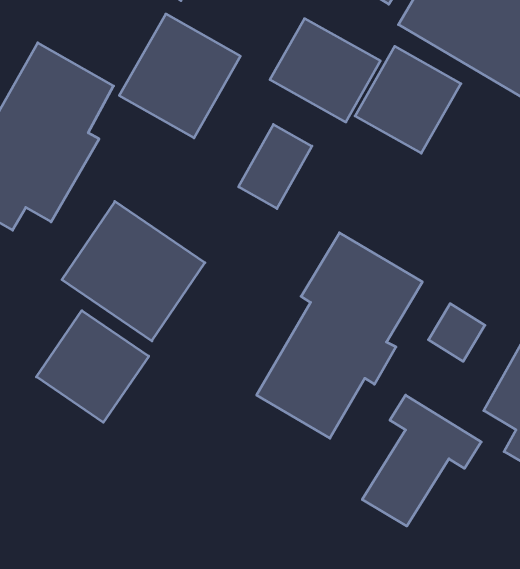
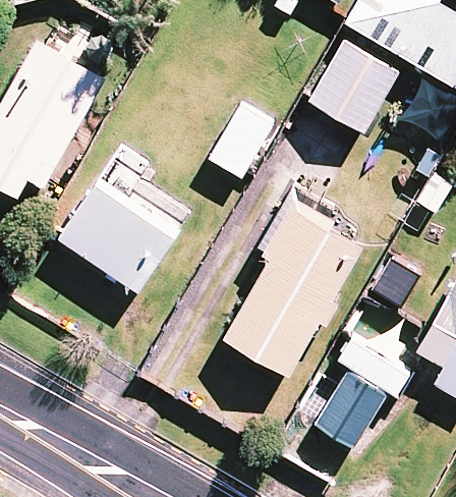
building: [119,14,240,138] -> none
building: [270,19,380,122] -> none
building: [36,311,149,422] -> none

